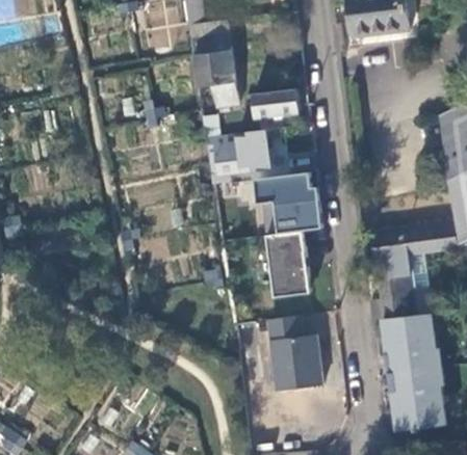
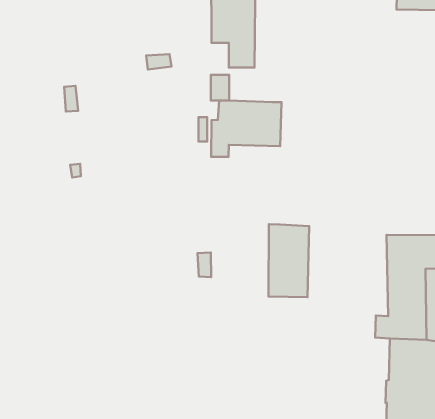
building: [253,90,299,132] -> none
building: [253,172,321,235] -> none
building: [267,316,322,392] -> none

